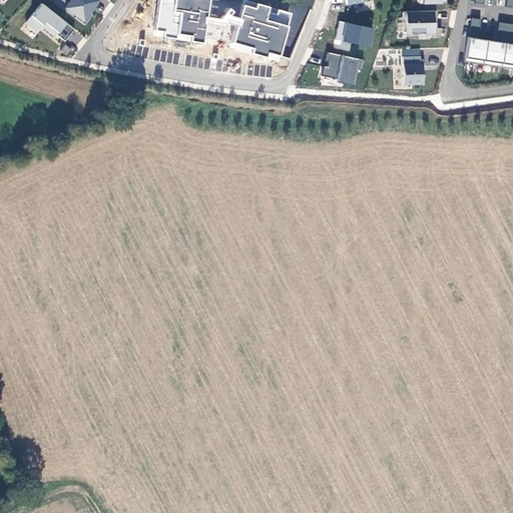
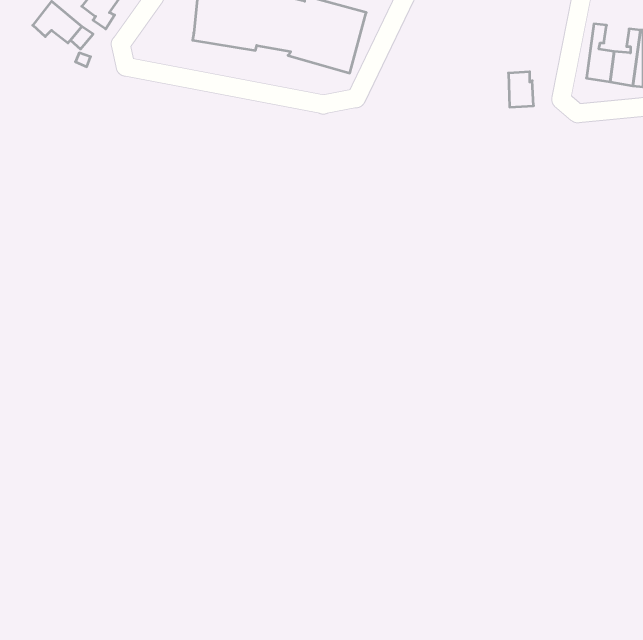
building: [405,11,443,38] -> none
building: [335,19,372,44] -> none
building: [321,50,363,84] -> none

